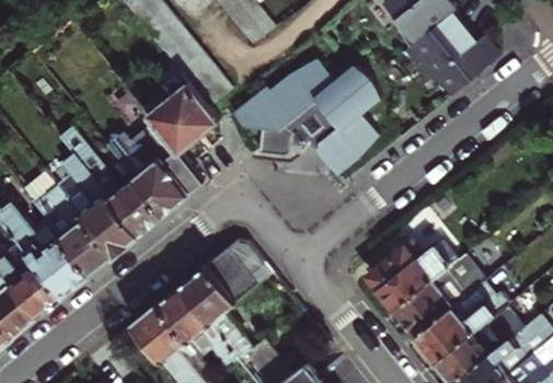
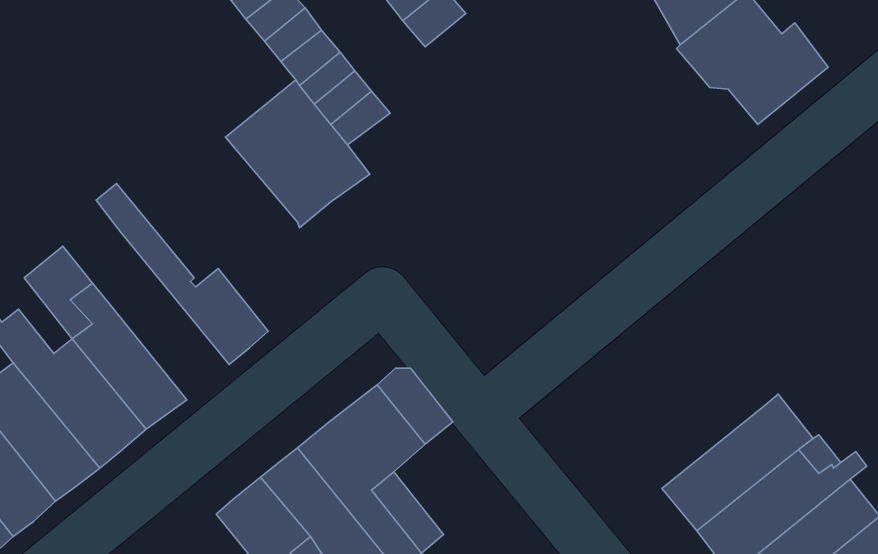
building: [232,57,380,174] -> none
building: [112,128,201,217] -> none
building: [60,158,137,257] -> none
building: [366,243,454,310] -> none

